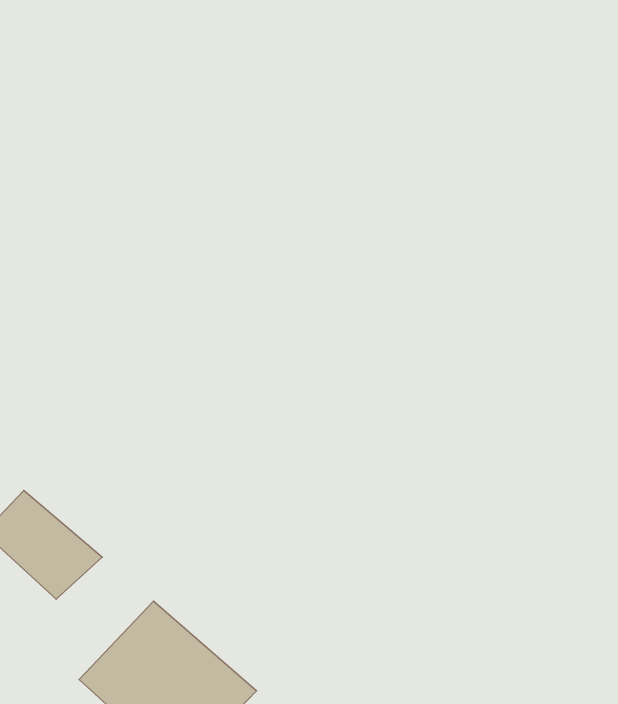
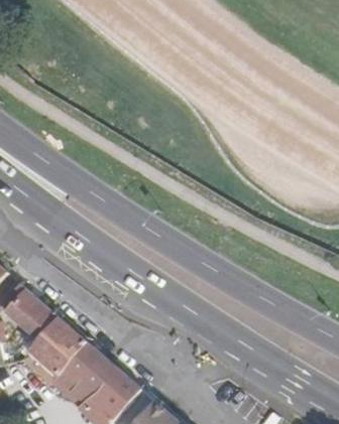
building: none -> [23,321,90,386]

